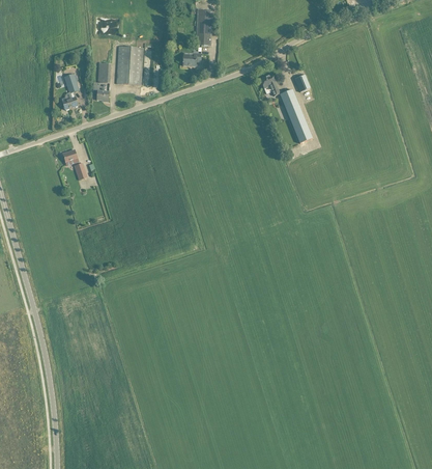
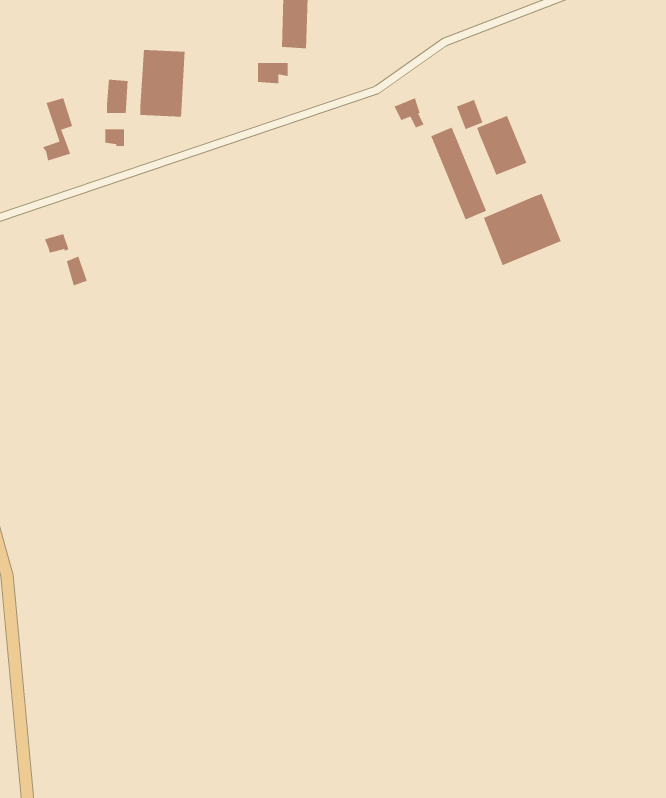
building: none -> [476,115,527,176]
building: none -> [483,193,562,266]

